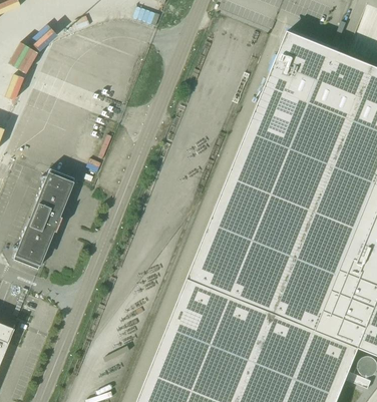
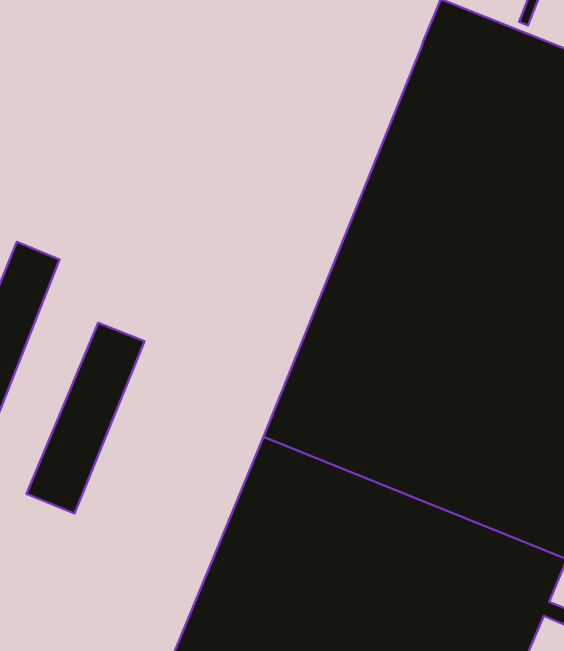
building: none -> [27,323,145,513]

